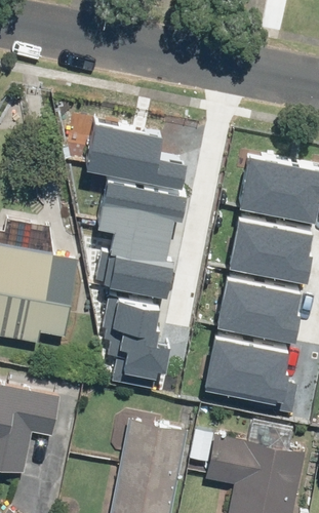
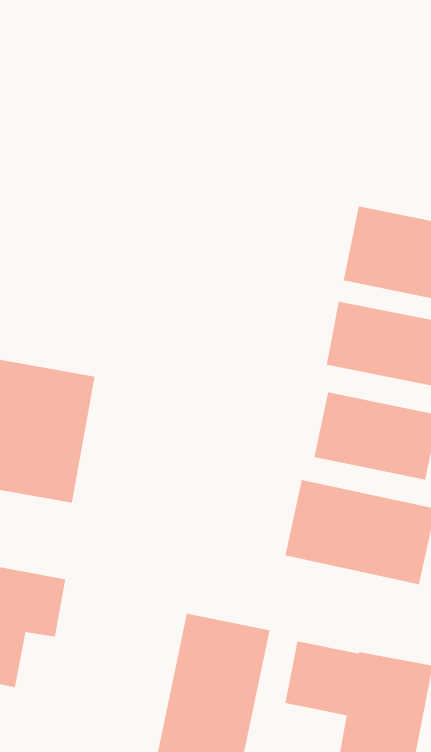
building: [88,126,188,192] -> none
building: [94,190,185,304] -> none
building: [106,302,176,392] -> none

